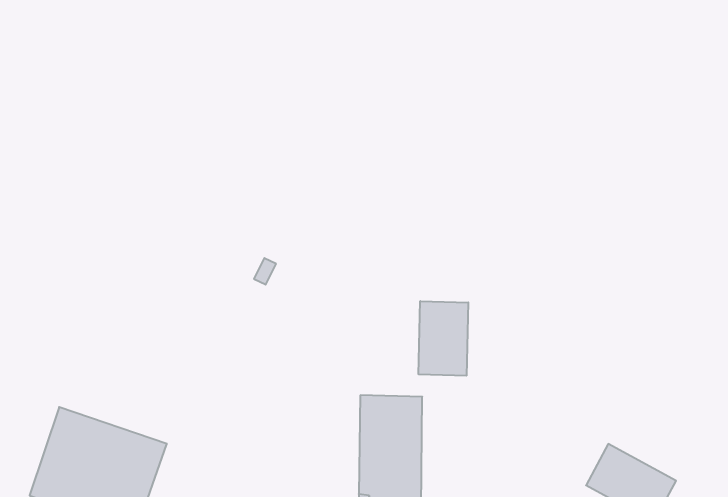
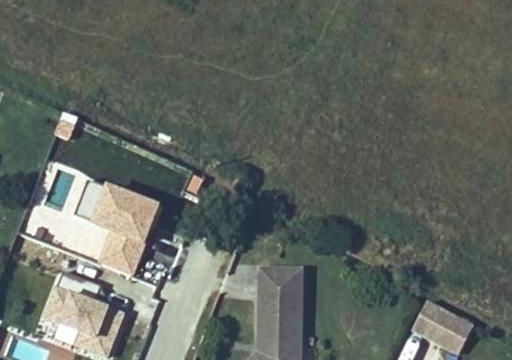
building: none -> [74,174,161,274]
building: [419,301,468,376] -> none

